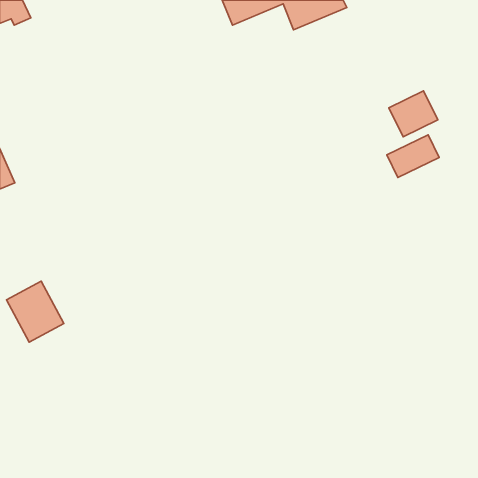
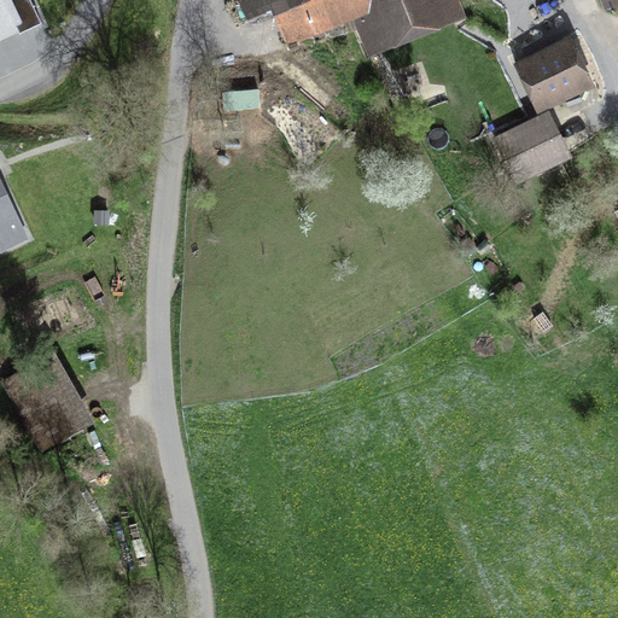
building: none -> [514,33,597,113]
building: [387,135,439,177] -> none

